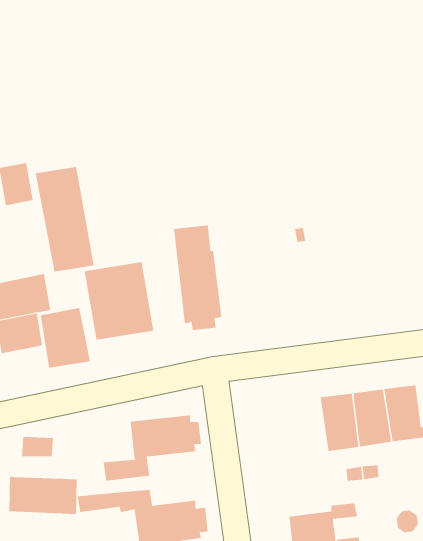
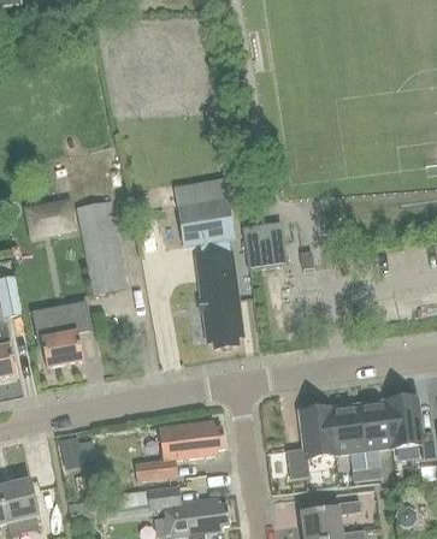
building: none -> [244,223,287,270]
building: [84,262,154,340] -> [172,176,235,245]
building: [40,307,91,369] -> none
building: none -> [287,405,336,478]
building: [9,476,77,515] -> none

